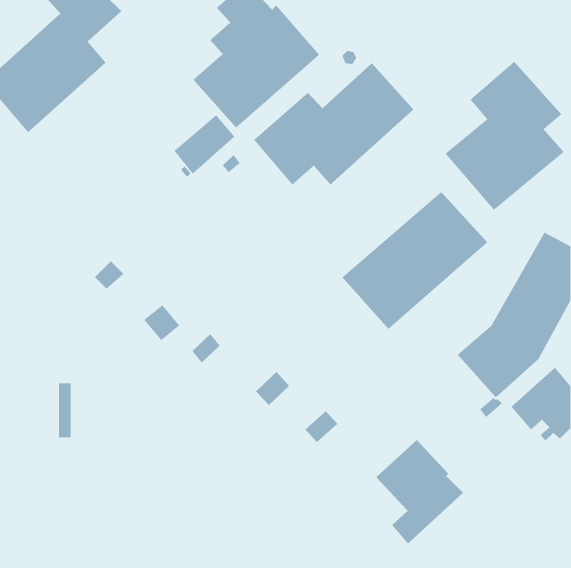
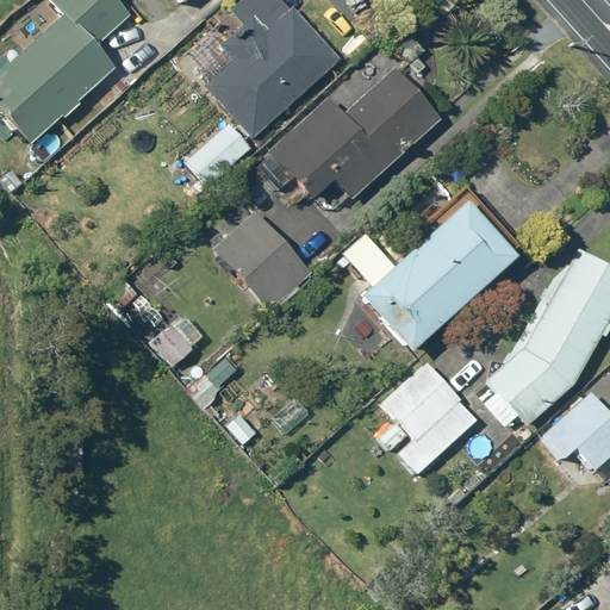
building: [445,61,564,211] -> none
building: none -> [213,208,311,309]
building: [375,439,464,544] -> [382,361,477,473]

